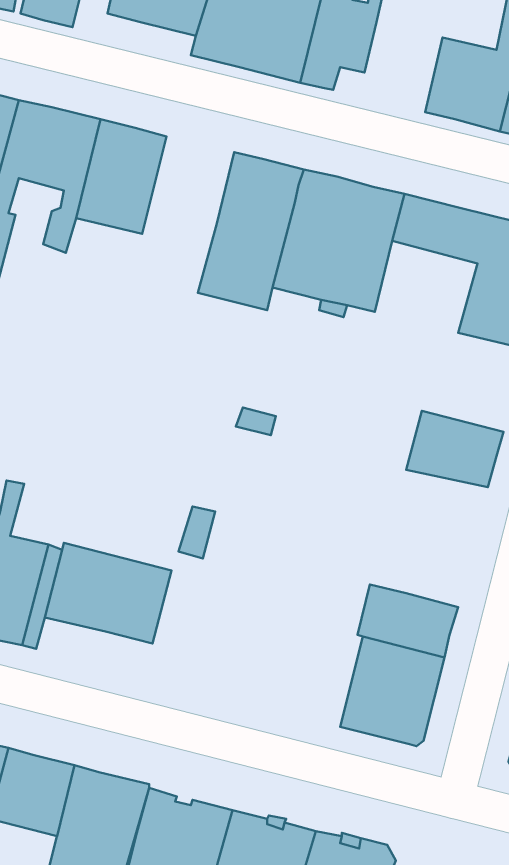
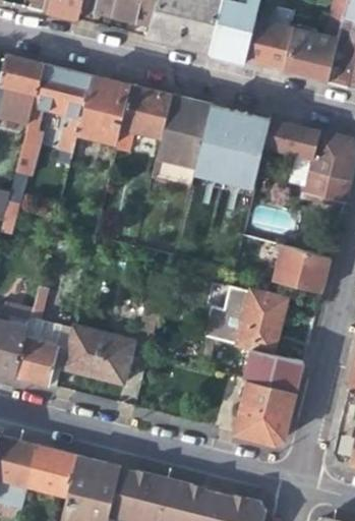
building: none -> [245,18,294,71]
building: none -> [116,85,172,153]
building: none -> [204,289,287,353]

